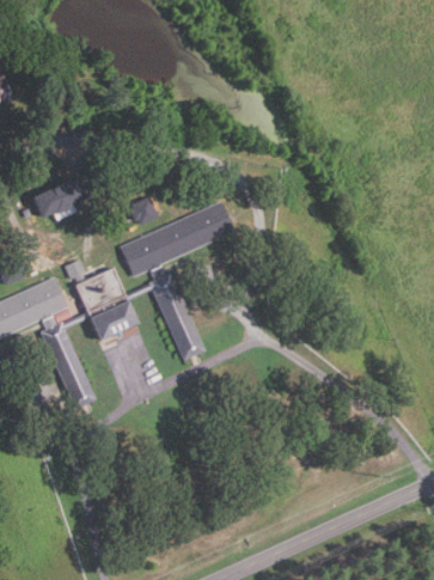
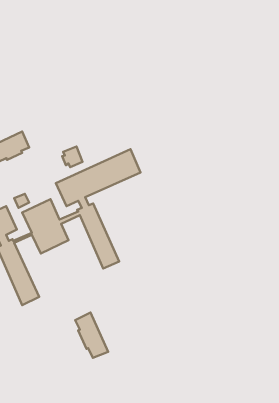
building: none -> [75,313,108,358]

